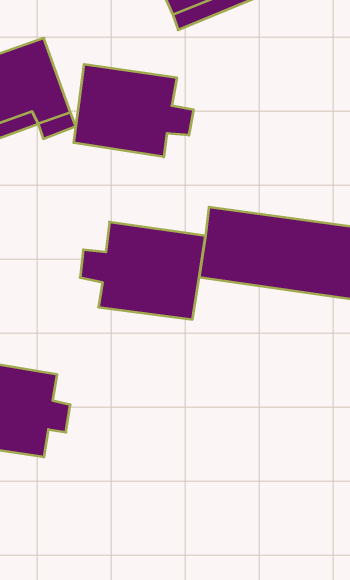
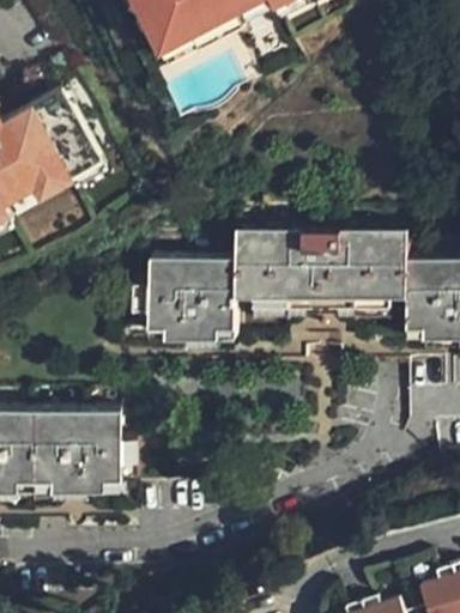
building: [74,64,193,157] -> none

